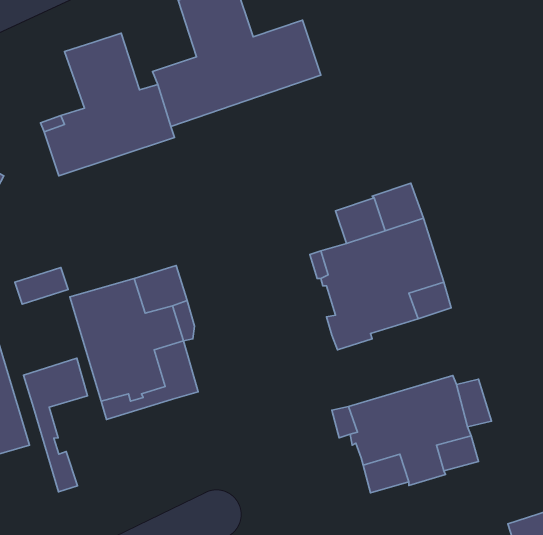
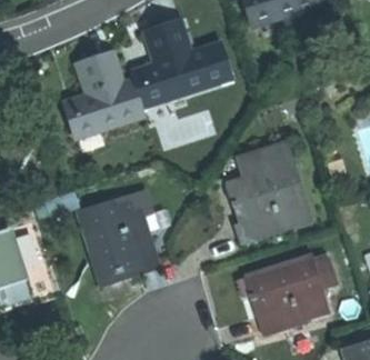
building: [23,358,88,492] -> none

